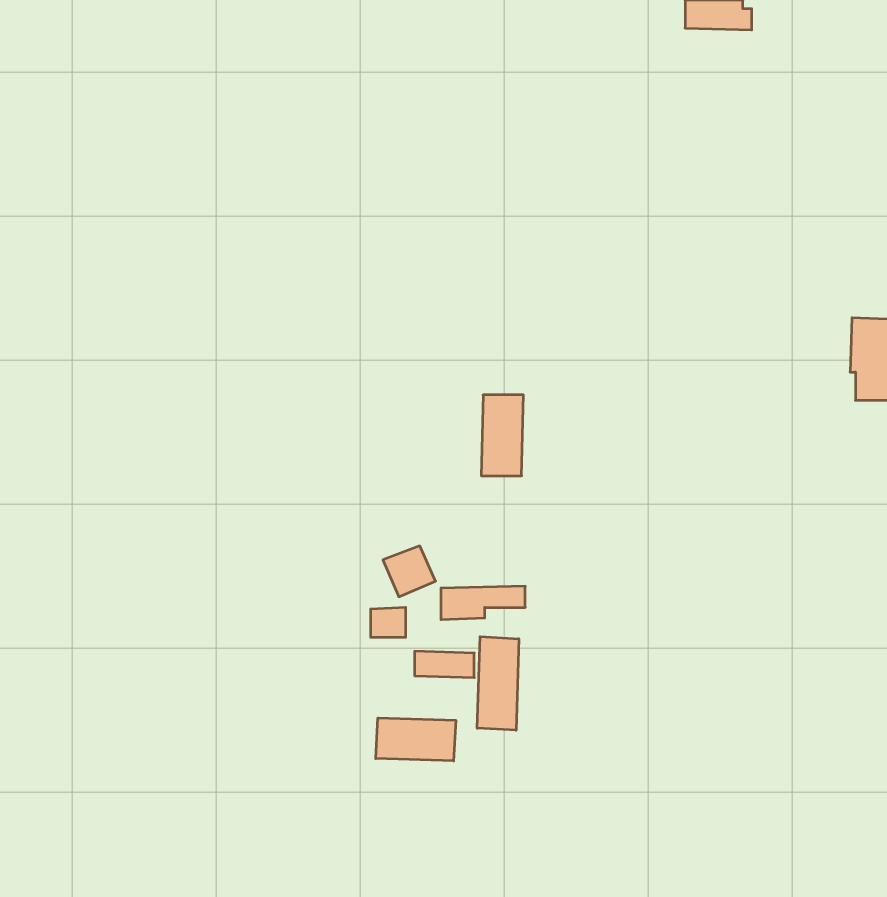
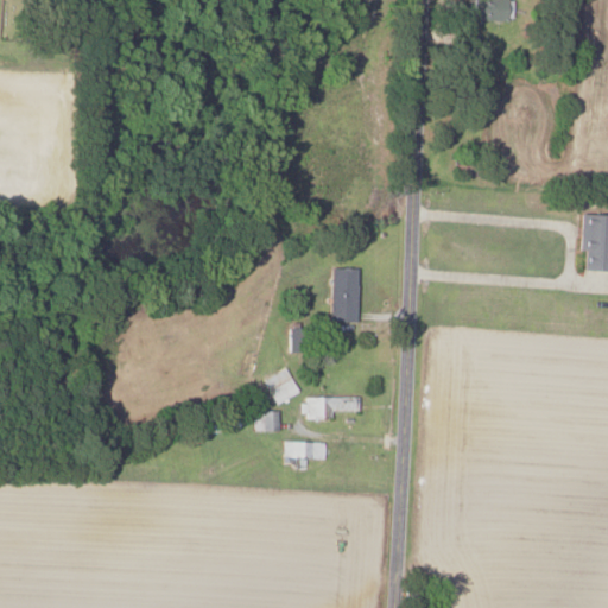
building: [477,637,519,730] -> none
building: [376,718,456,761] -> none

